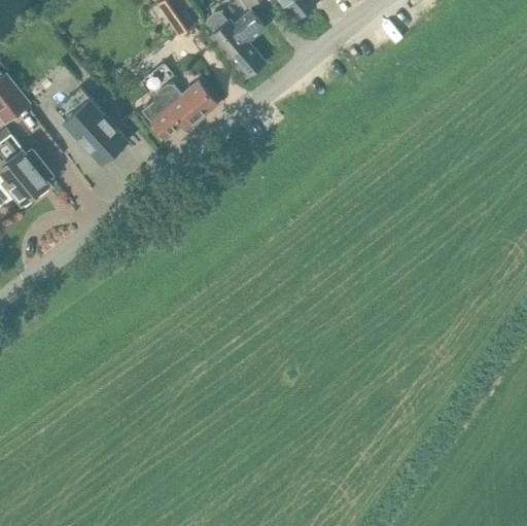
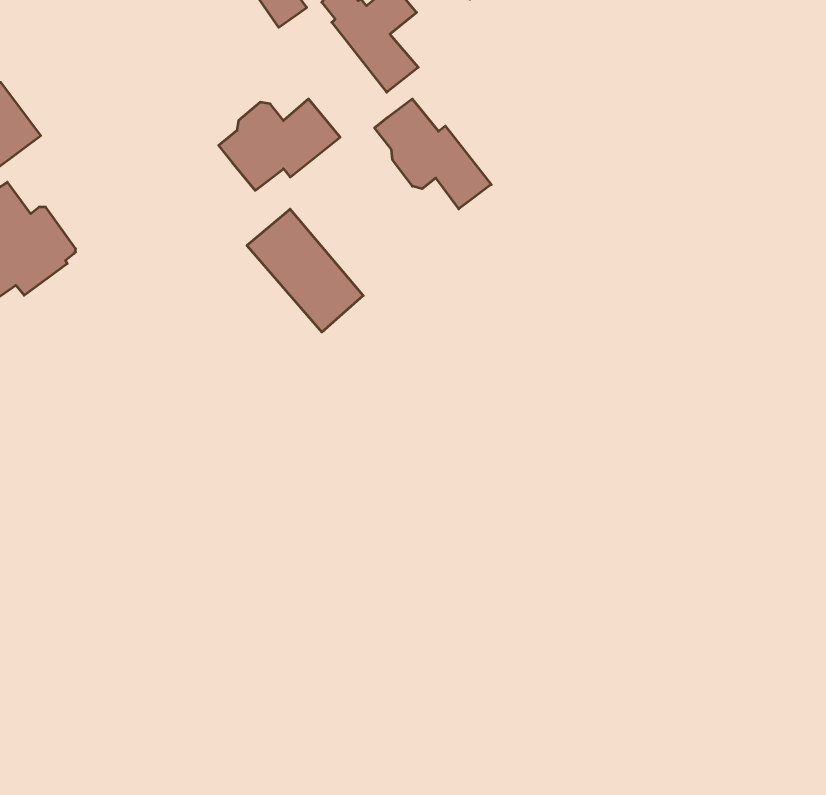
building: none -> [375,99,491,209]
building: [54,87,126,164] -> [247,209,363,332]

